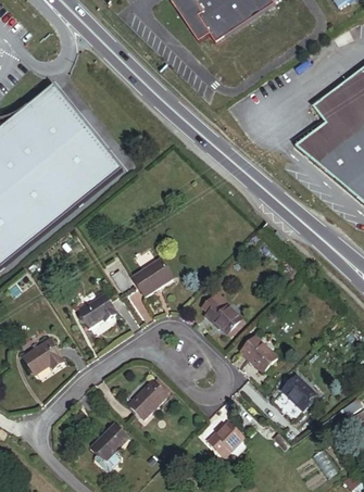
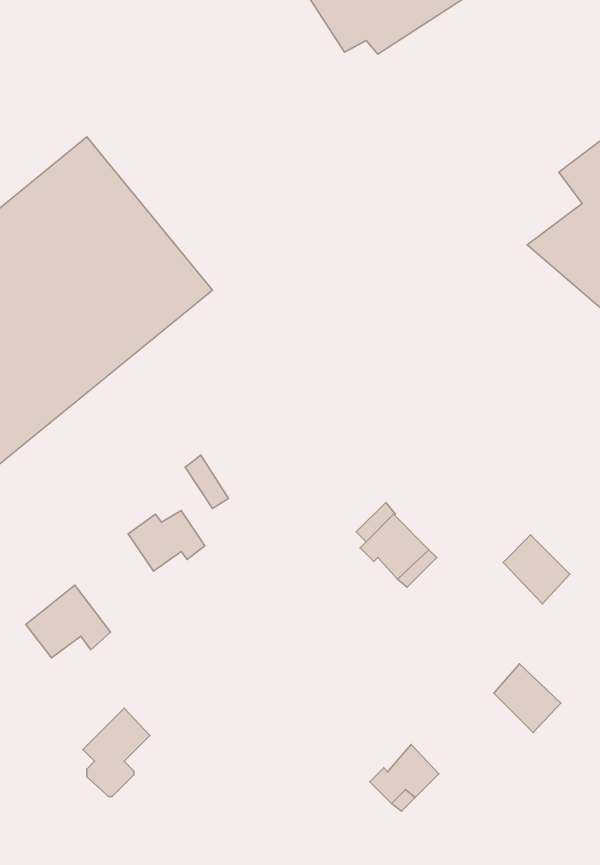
building: [133,254,174,295] -> none
building: [240,333,277,371] -> [503,535,570,604]
building: [125,377,168,420] -> none
building: [93,420,130,469] -> [83,708,150,797]

